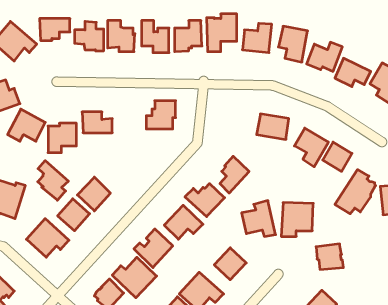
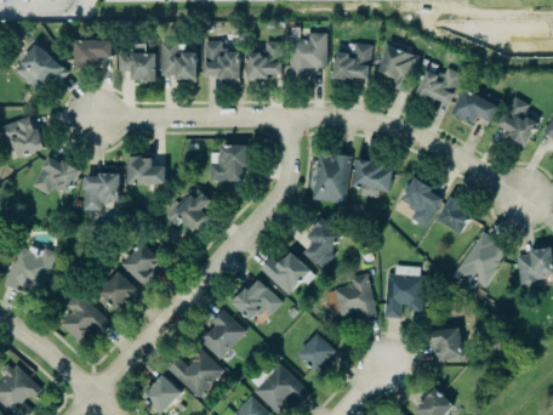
building: none -> [312,152,350,203]
building: none -> [173,191,210,229]
building: [38,161,68,200] -> none

